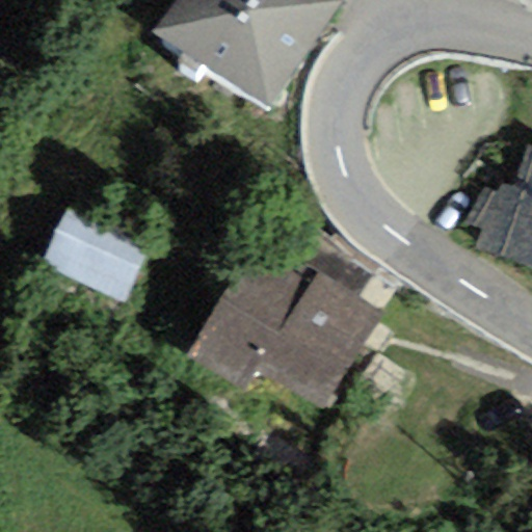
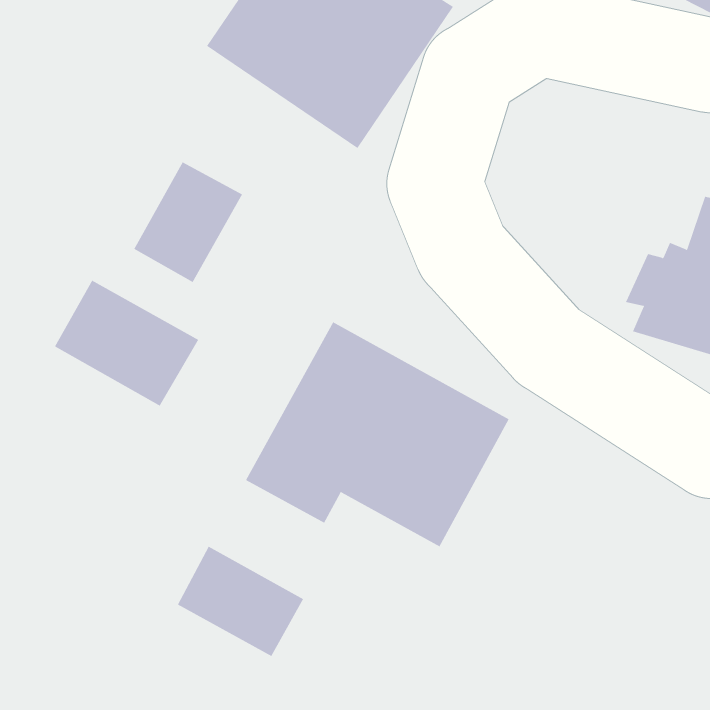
building: none -> [134,161,243,283]
building: none -> [177,546,304,657]

